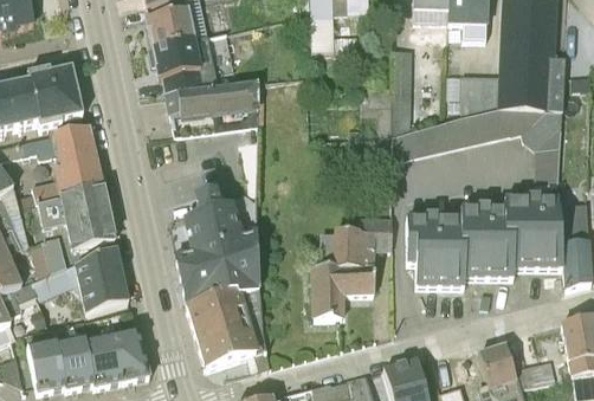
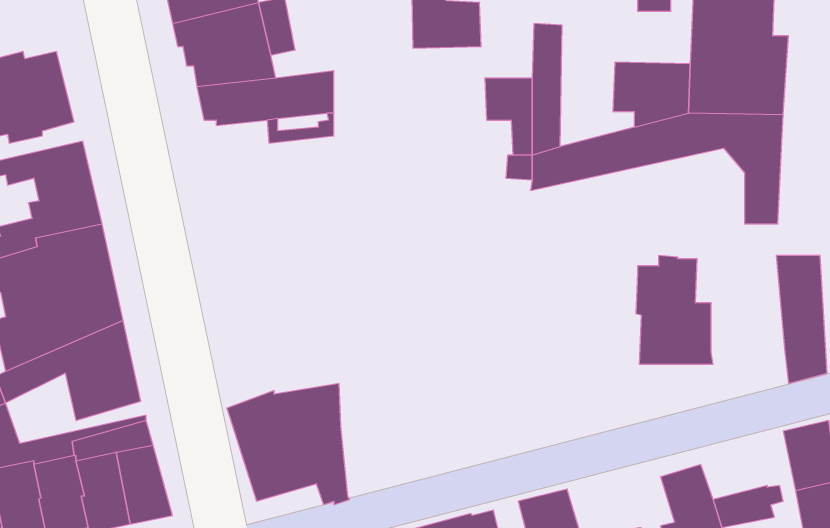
building: [176,189,262,306] -> none
building: [502,194,562,269] -> none
building: [403,213,465,286] -> none
building: [309,215,390,318] -> none

